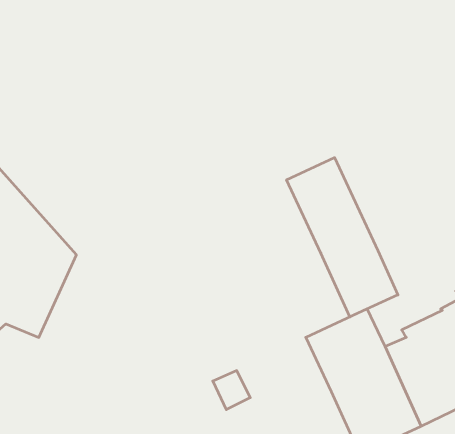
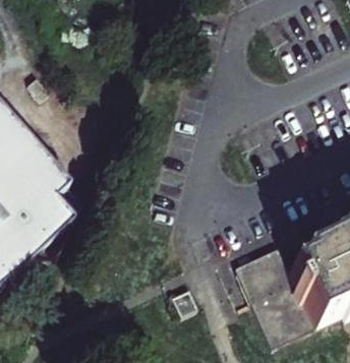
building: [287,158,398,317] -> none

